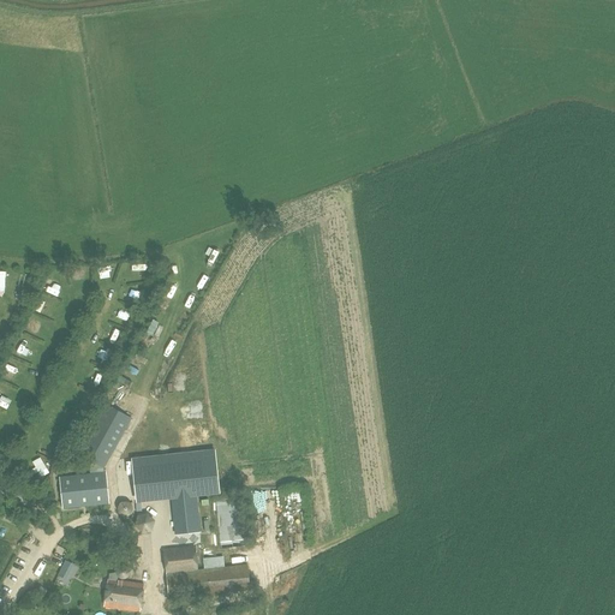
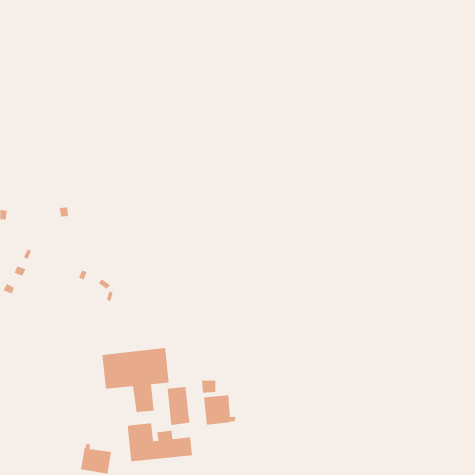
building: [59,402,132,507] -> none
building: none -> [203,394,236,426]

